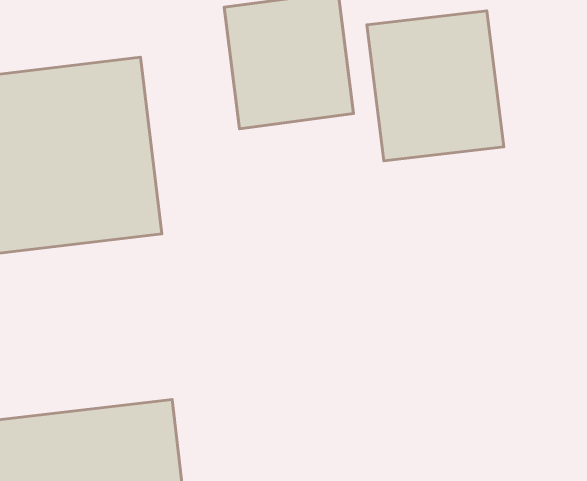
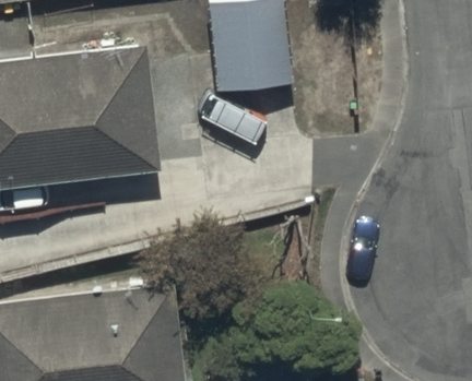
building: [367,11,504,161] -> none

